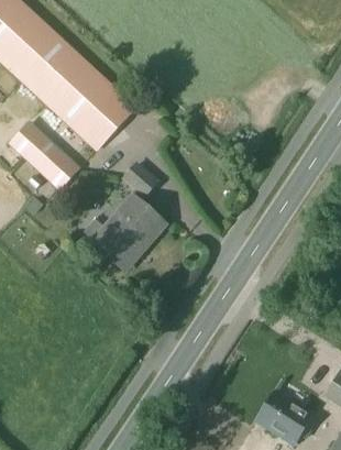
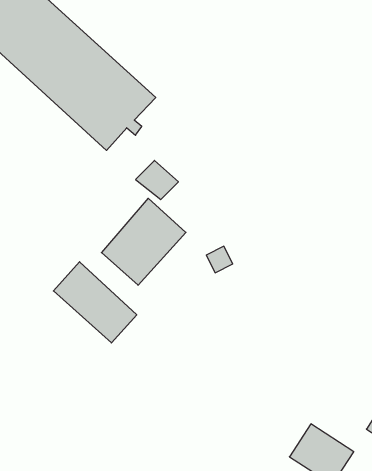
building: [10,122,79,189] -> none
building: none -> [53,262,137,343]

